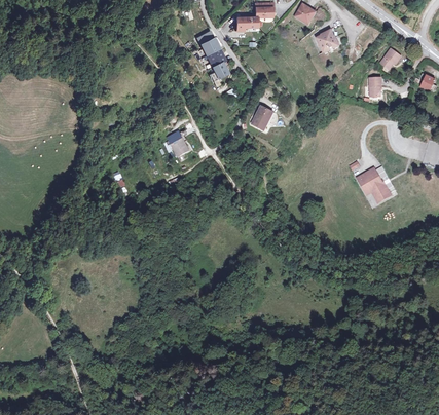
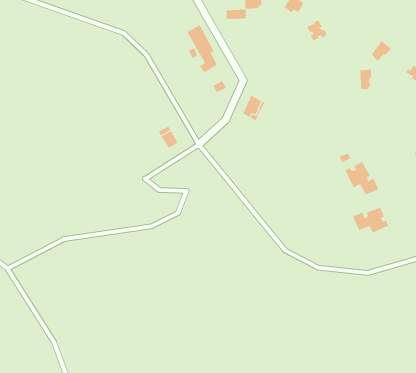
building: none -> [352,207,389,234]

